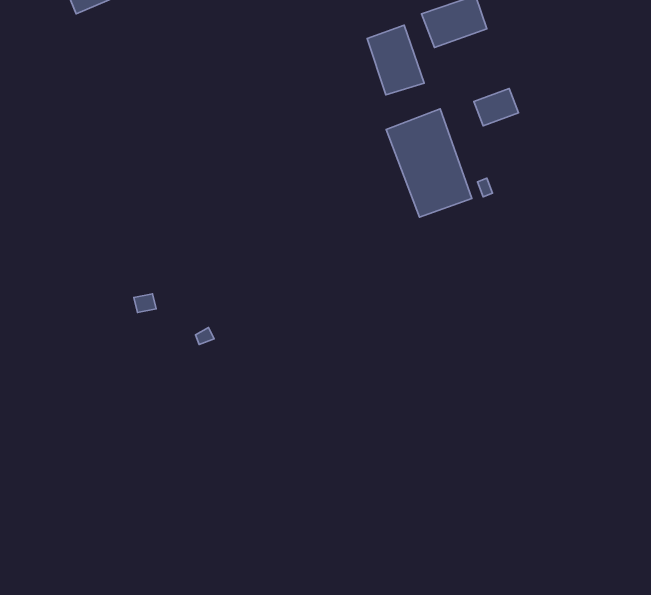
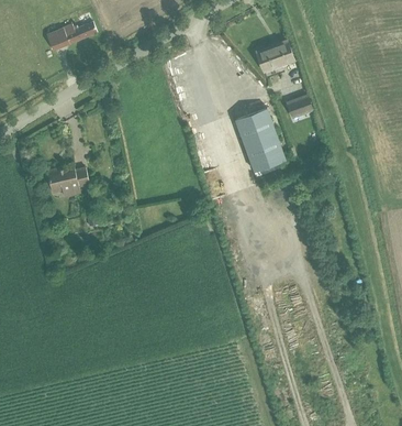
building: [367,25,424,95] -> none
building: none -> [47,164,89,195]

